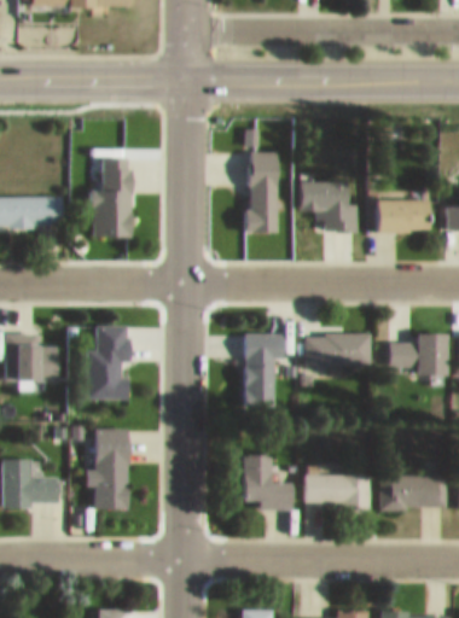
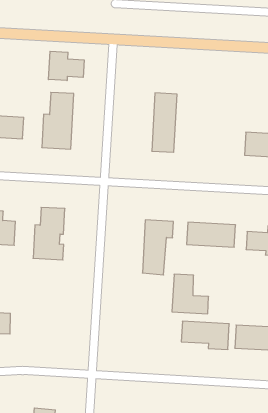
building: none -> [48,51,84,81]
building: [296,182,355,234] -> none
building: [89,427,128,507] -> none
building: [242,453,292,506] -> [172,274,209,314]

